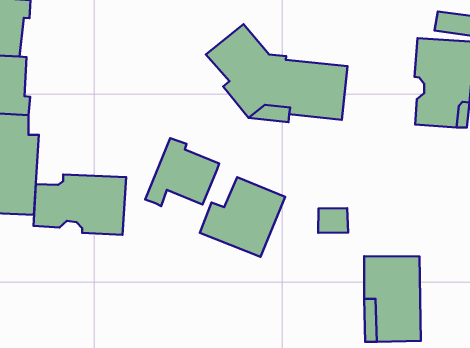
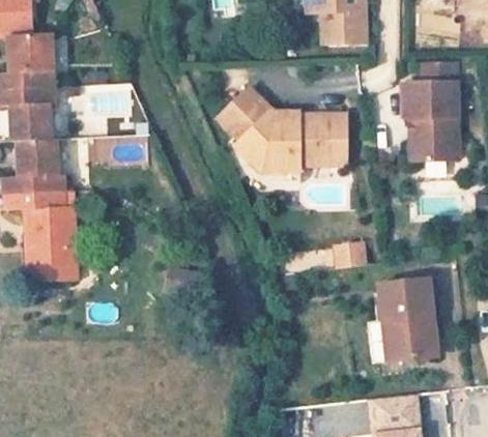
building: [145,138,219,206] -> none
building: [34,174,126,235] -> none
building: [200,177,285,257] -> none

